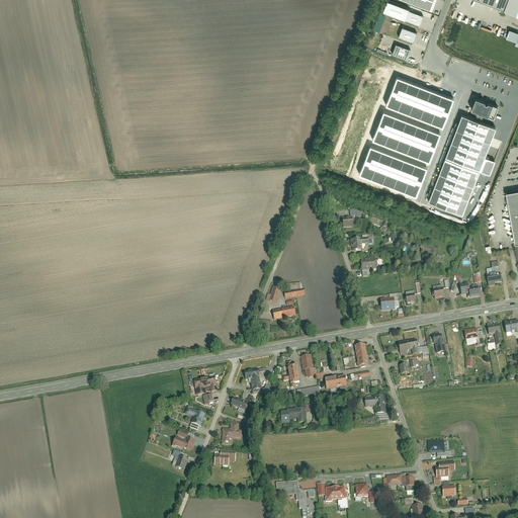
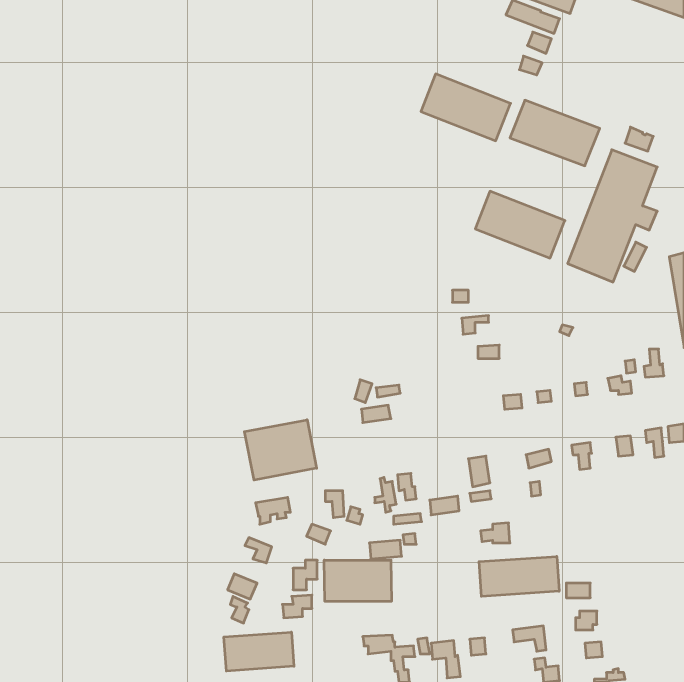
building: [372,110,440,161] -> [421,74,511,141]
building: none -> [244,420,317,480]
building: none -> [479,556,559,596]
building: none -> [324,560,391,601]
building: none -> [224,632,294,671]

